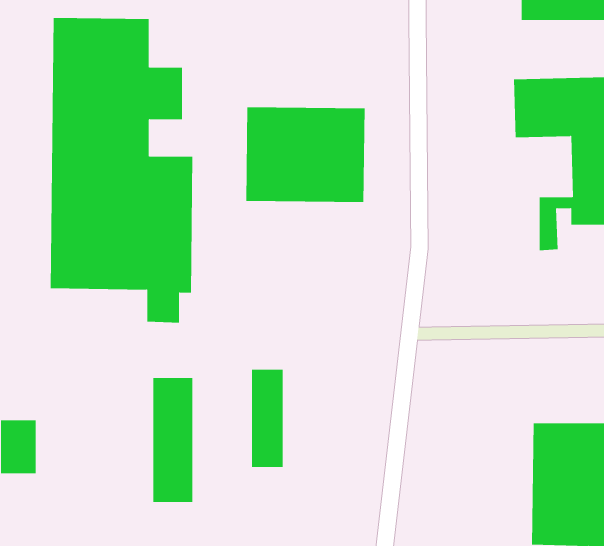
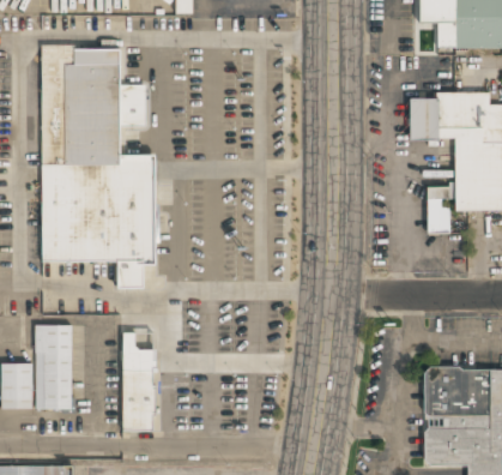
building: [246,107,365,203] -> none
building: none -> [36,325,72,410]
building: [252,369,283,468] -> none

